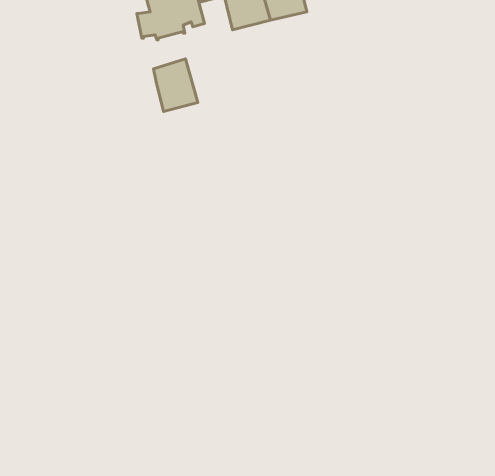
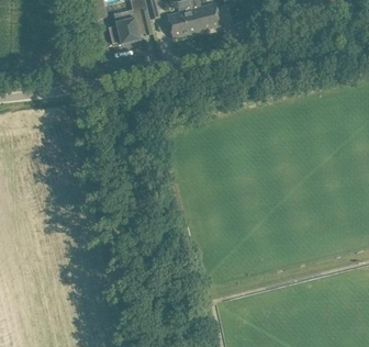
building: [153,59,198,112] -> none

